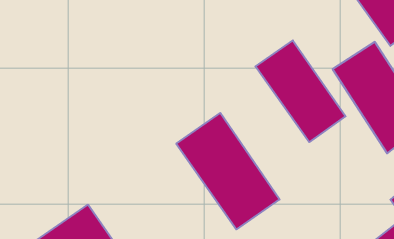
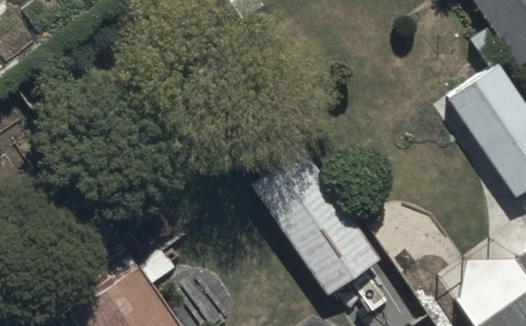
building: [255,40,346,142] -> none

